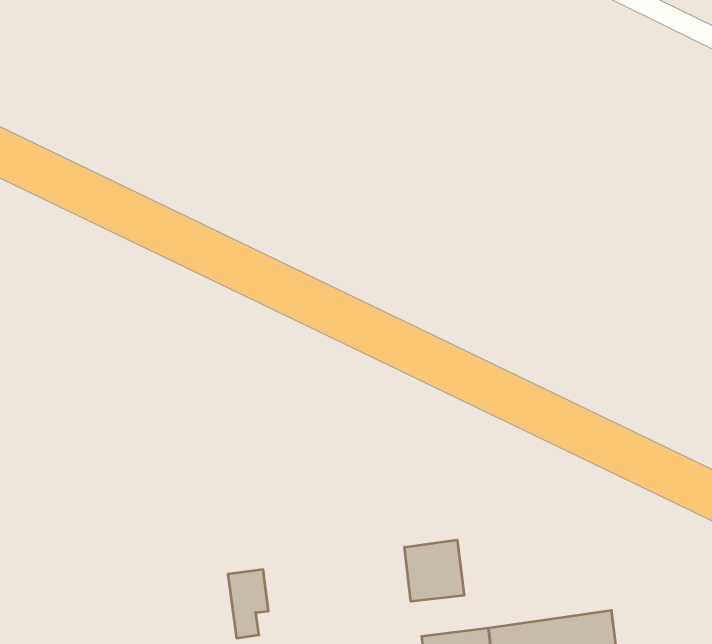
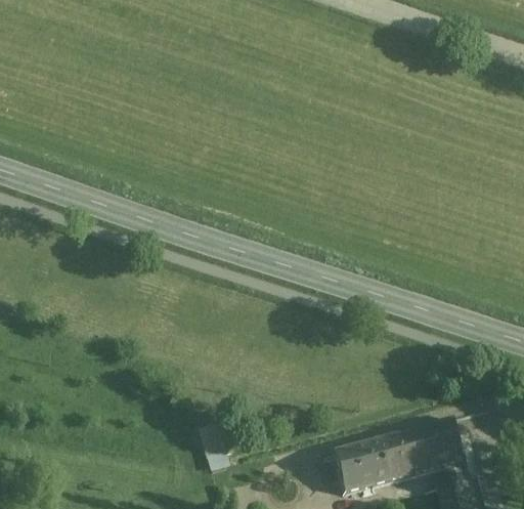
building: [405,540,464,601] -> none

